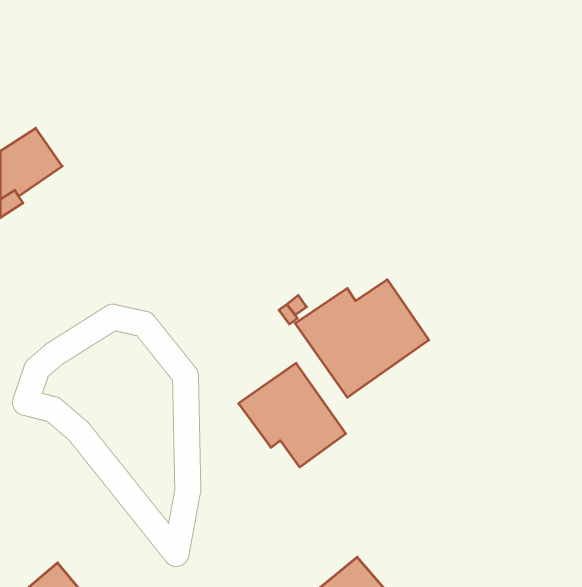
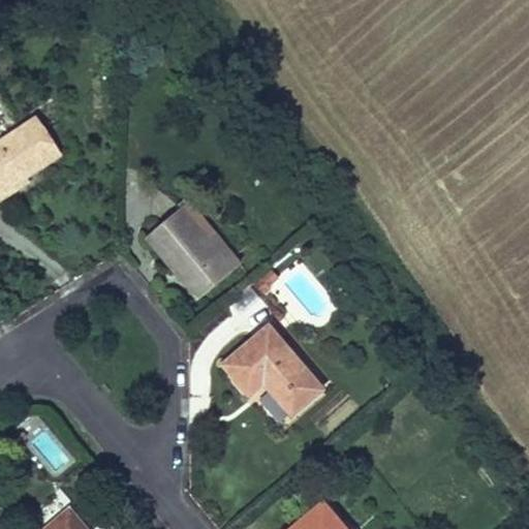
building: none -> [152,203,232,289]
building: [295,280,429,397] -> none

